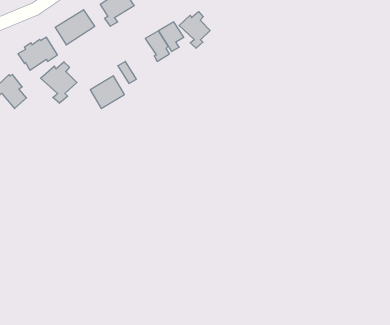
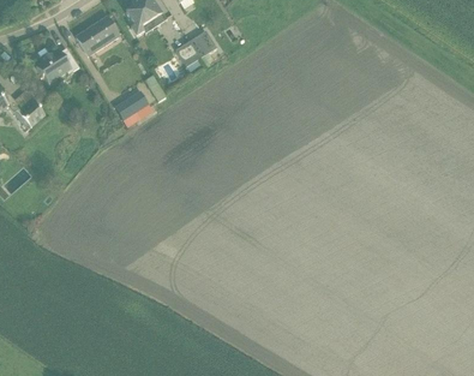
building: [179,12,210,48] -> none
building: [41,62,77,103] -> none

